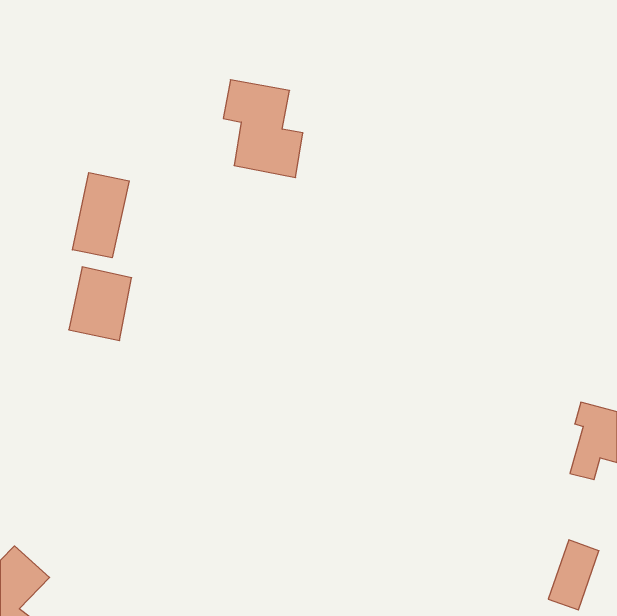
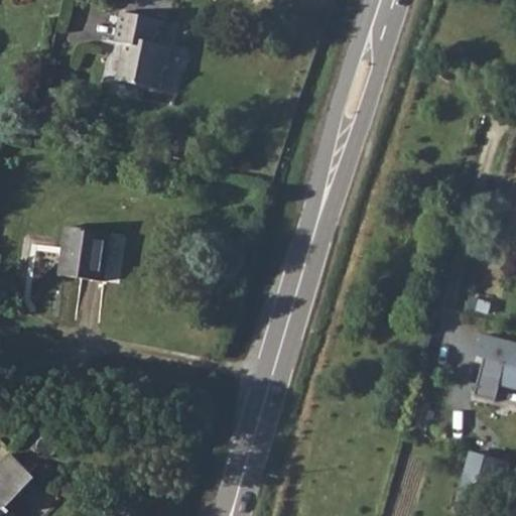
building: [223,80,303,178] -> [108,8,174,90]
building: [72,173,129,258] -> none

